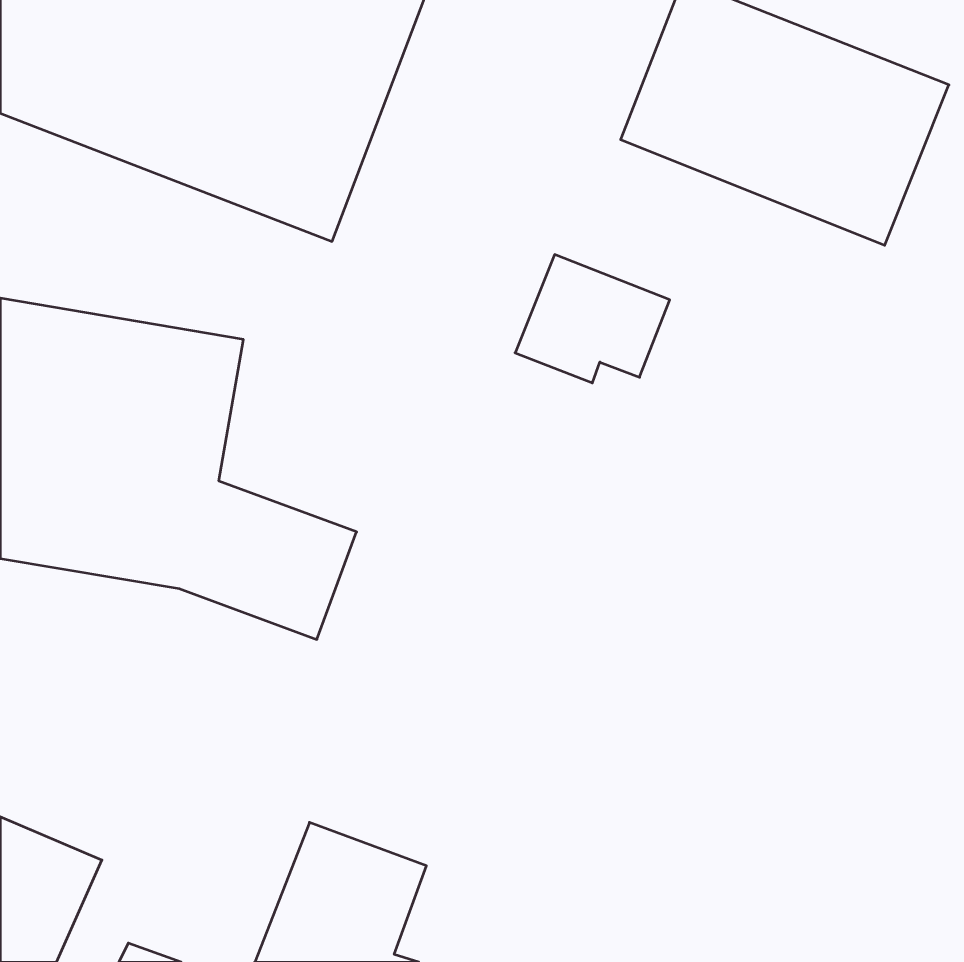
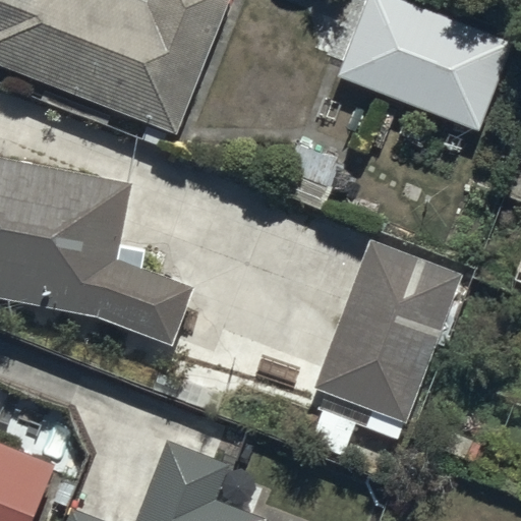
building: none -> [312,244,460,426]

